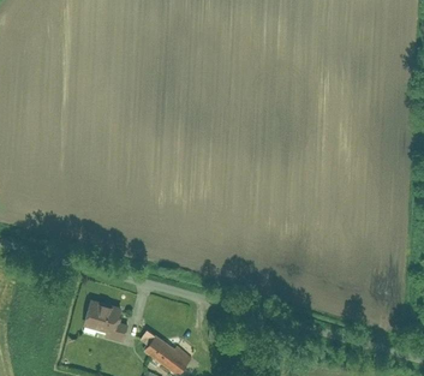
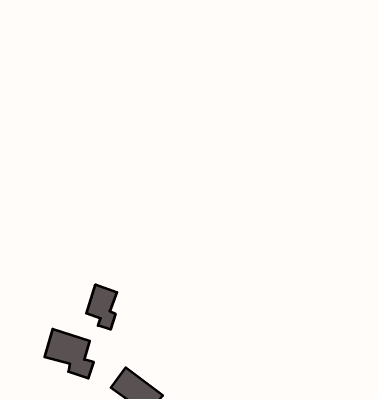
building: none -> [86,285,117,329]

